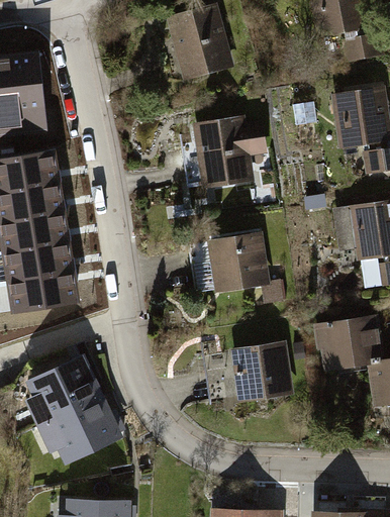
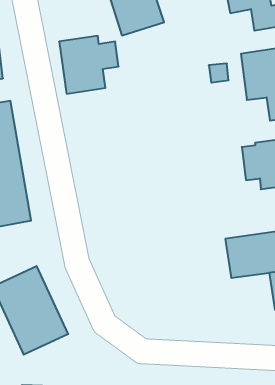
building: [195,109,268,180] -> [59,36,119,94]
building: [209,226,284,302] -> none
building: [232,335,295,397] -> none

